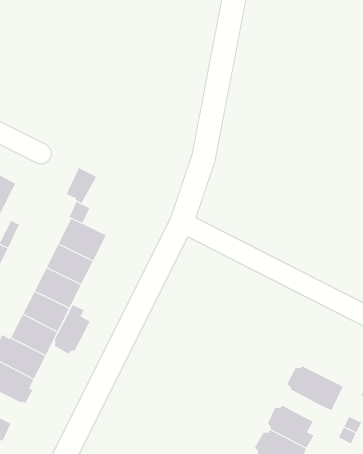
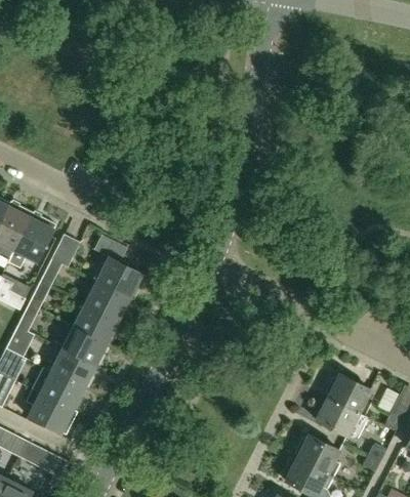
building: [66,167,97,204] -> [51,234,81,268]
building: [53,304,91,354] -> none
building: none -> [326,375,371,416]

